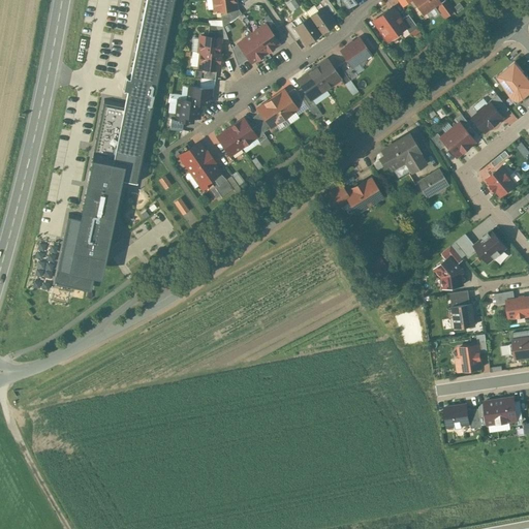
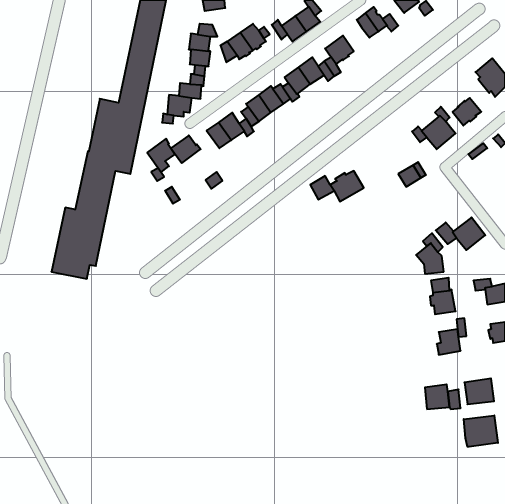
building: [380,133,425,170] -> none
building: [190,157,219,192] -> [147,139,175,172]
building: [487,164,518,197] -> none
building: none -> [464,415,498,447]

